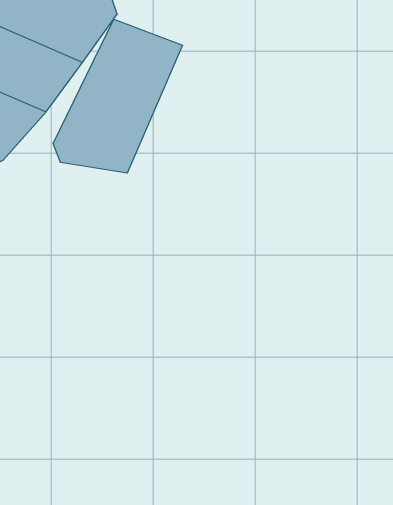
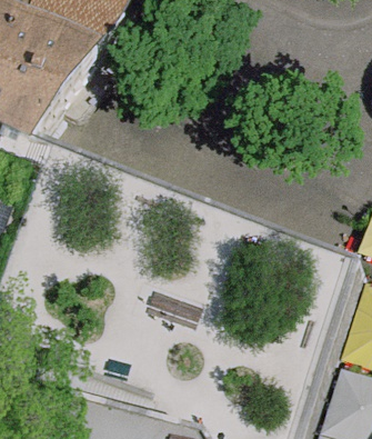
building: [53,19,183,173] -> none

